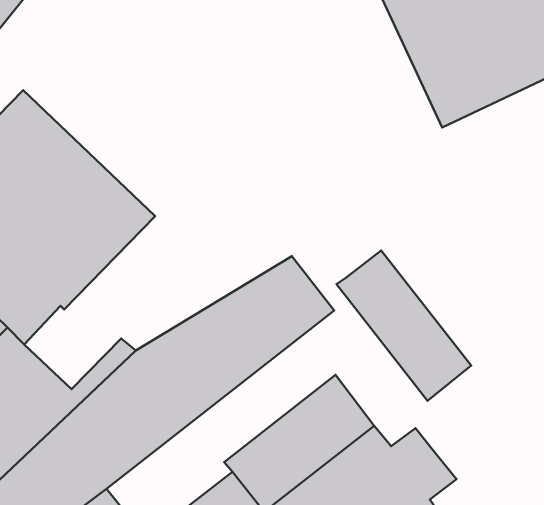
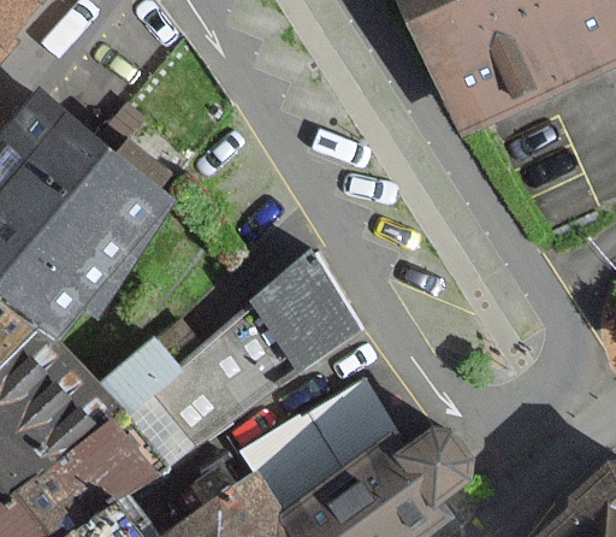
building: [336,250,471,401] -> none

